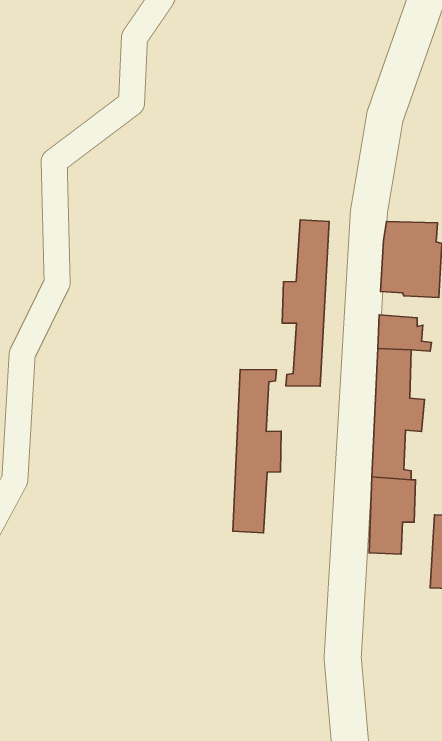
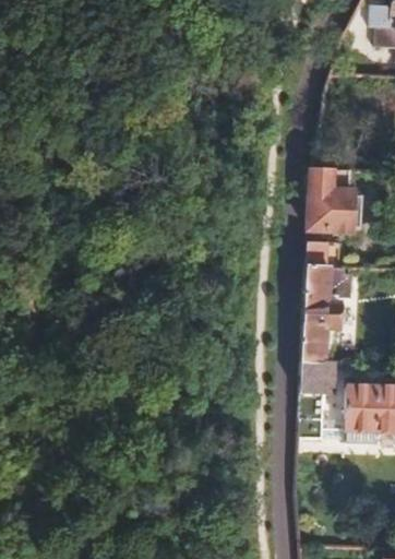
building: [282,220,329,386] -> none
building: [233,370,281,533] -> none

